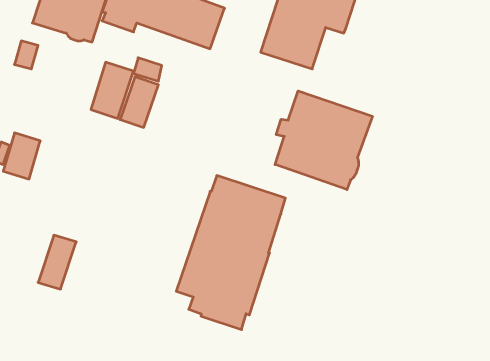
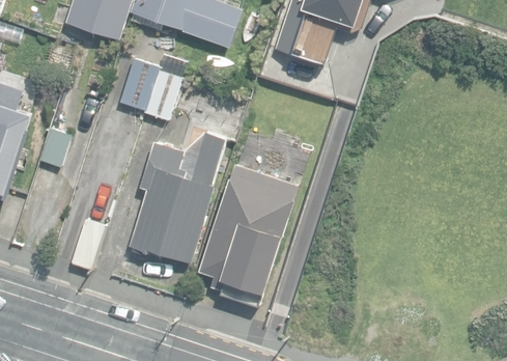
building: [275,91,372,190] -> none
building: none -> [130,131,226,262]

